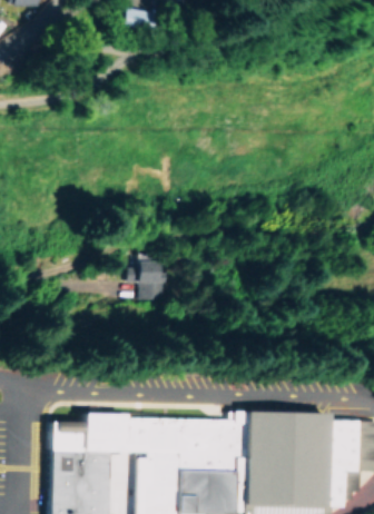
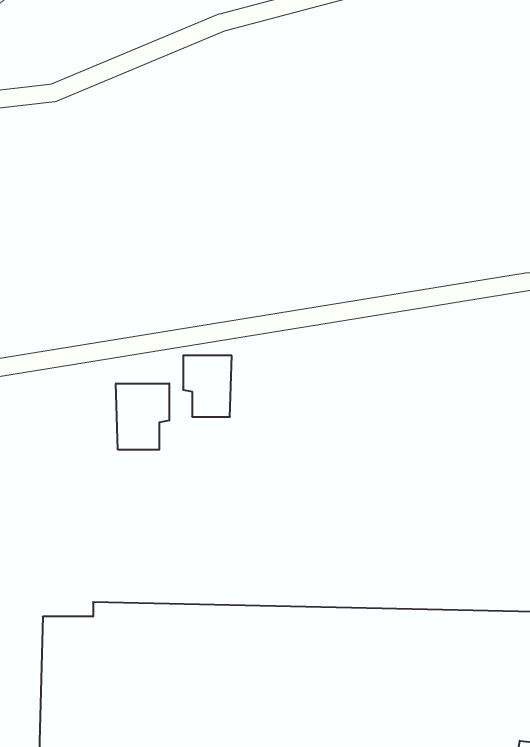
building: none -> [116,383,169,450]

